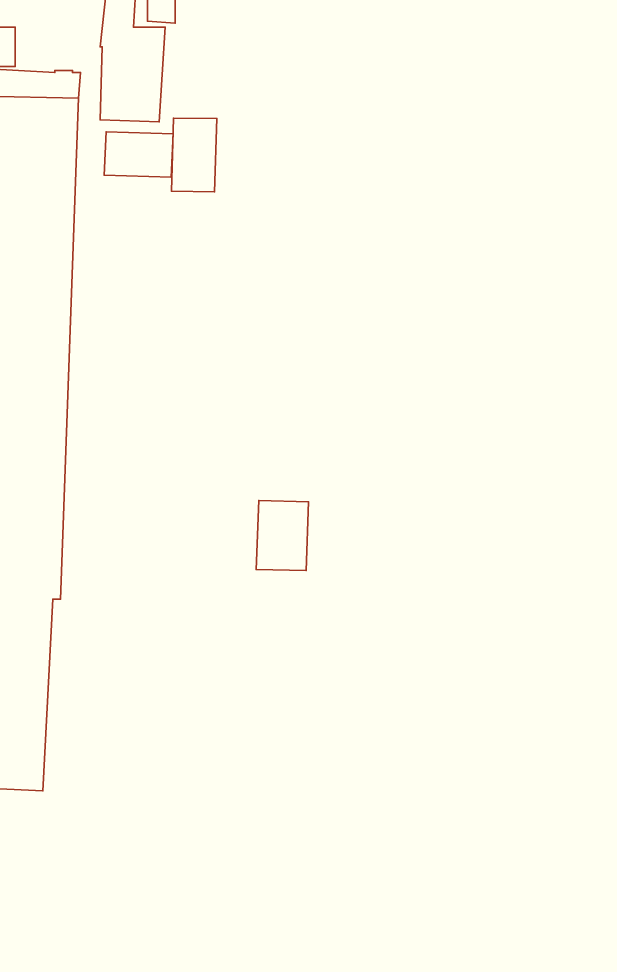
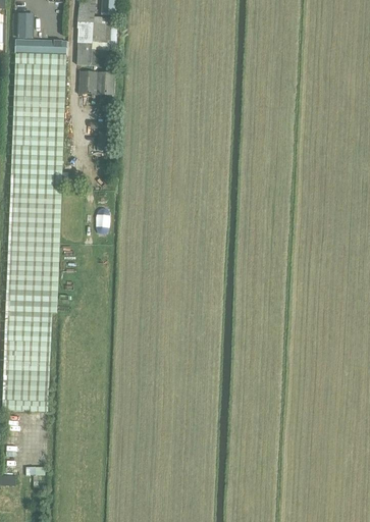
building: [171,118,217,192] -> none
building: [256,501,309,571] -> none

